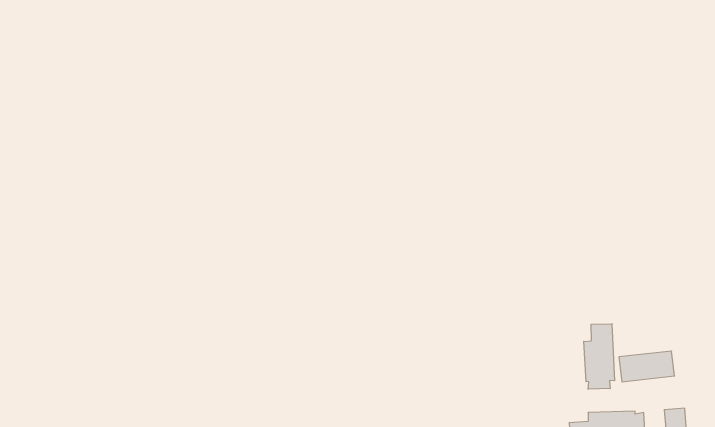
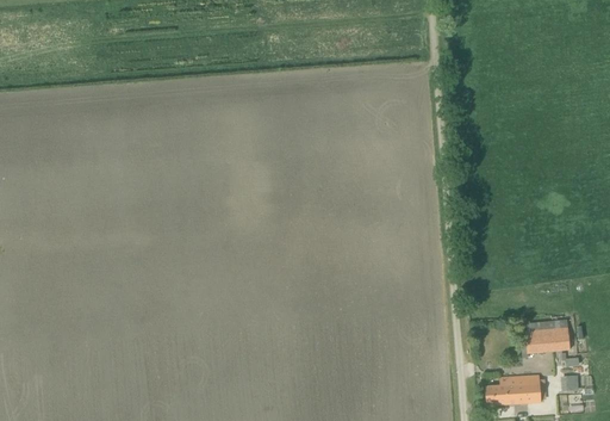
building: [584,324,615,389] -> none

